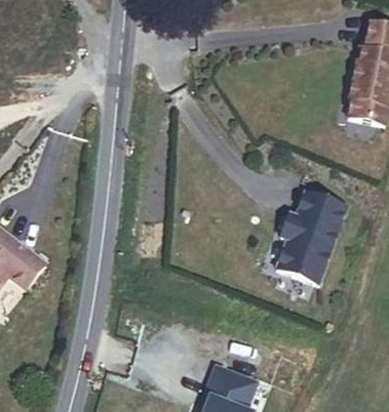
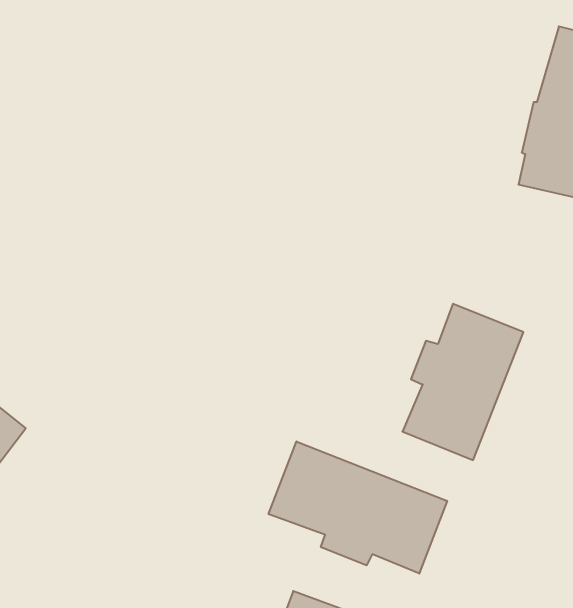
building: none -> [269,441,447,574]

